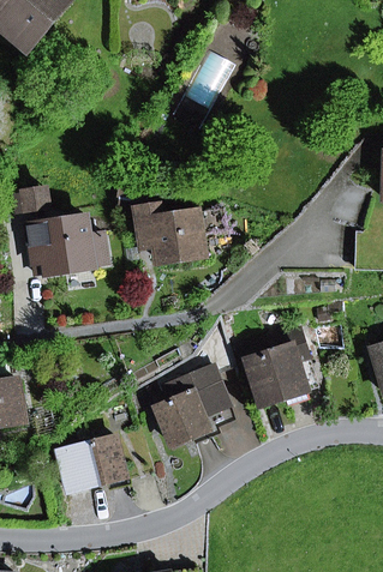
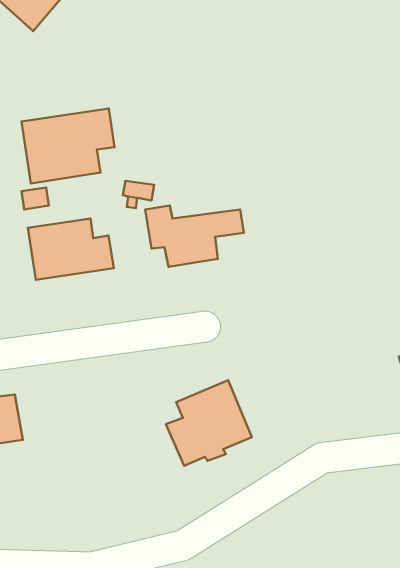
building: none -> [21,108,114,183]
building: [235,330,316,408] -> none
building: [74,438,125,488] -> none

